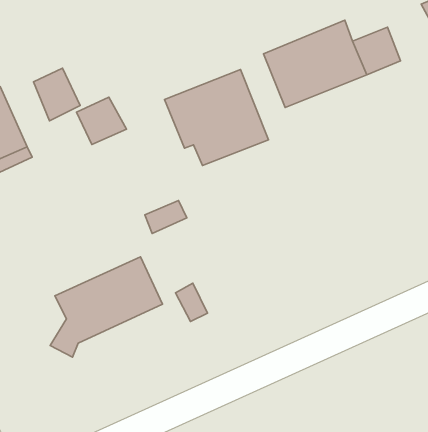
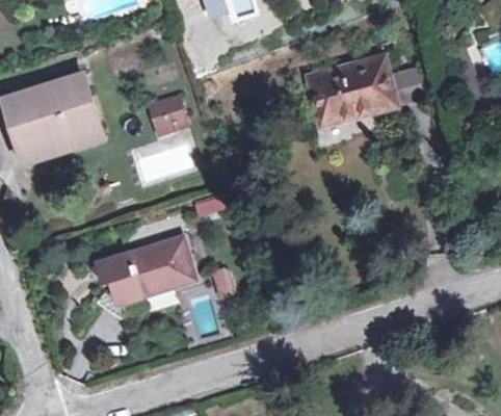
building: [34,68,80,121] -> none
building: [164,70,268,166] -> none

